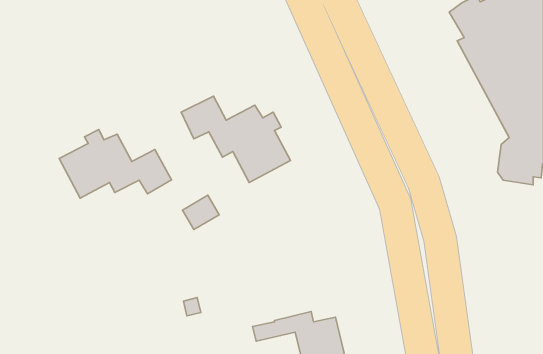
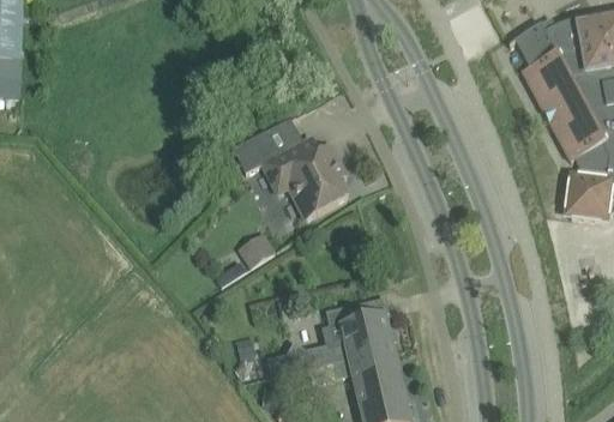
building: [59,130,172,198] -> none
building: none -> [269,300,396,375]

